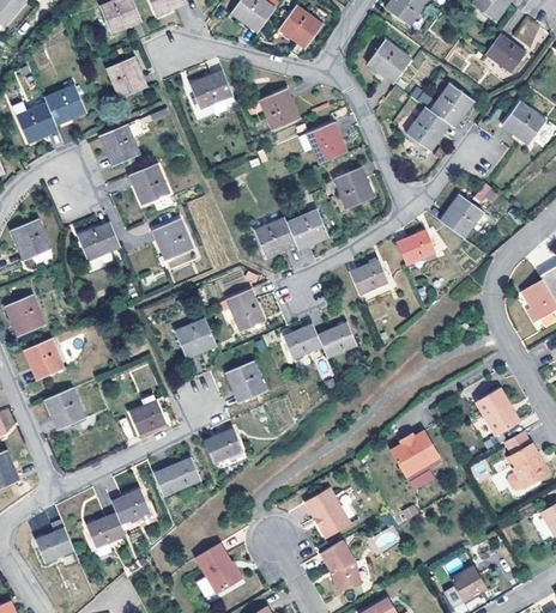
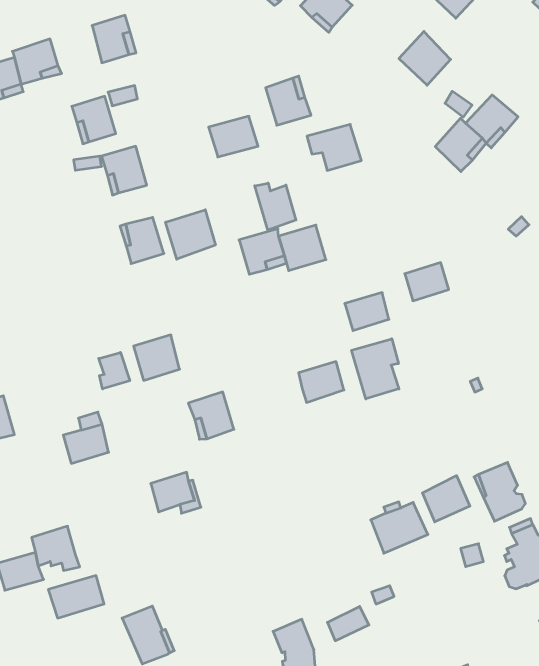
building: [188,72,231,109] -> [209,116,258,157]
building: [332,168,371,210] -> none
building: none -> [255,183,296,230]
building: [440,196,484,241] -> none
building: none -> [166,210,215,259]
building: [77,223,120,262] -> none
building: [226,287,265,330] -> none
building: none -> [352,339,399,399]
building: [283,324,321,360] -> none
building: none -> [99,352,130,389]
building: none -> [422,476,470,522]
building: [153,457,201,497] -> [48,576,104,618]
building: [306,487,352,539] -> none

